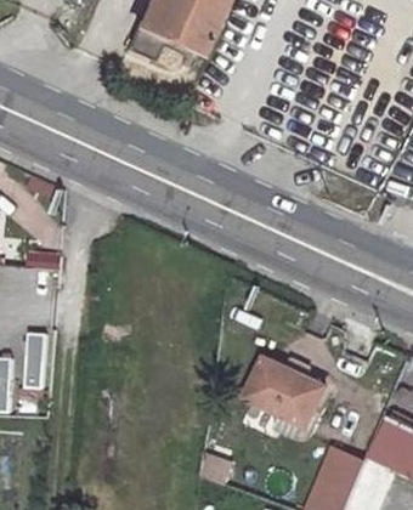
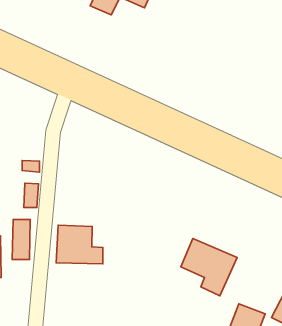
building: none -> [56,225,103,264]

